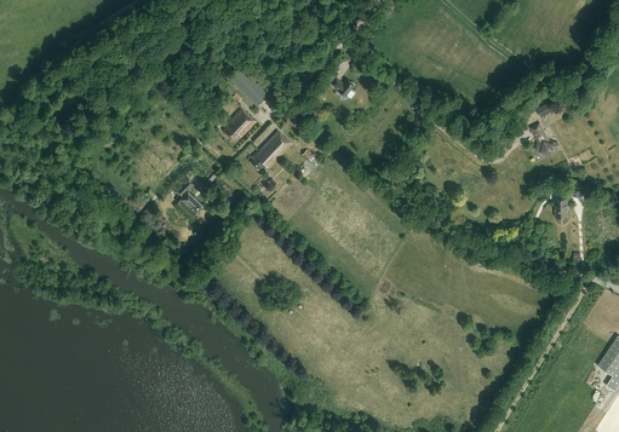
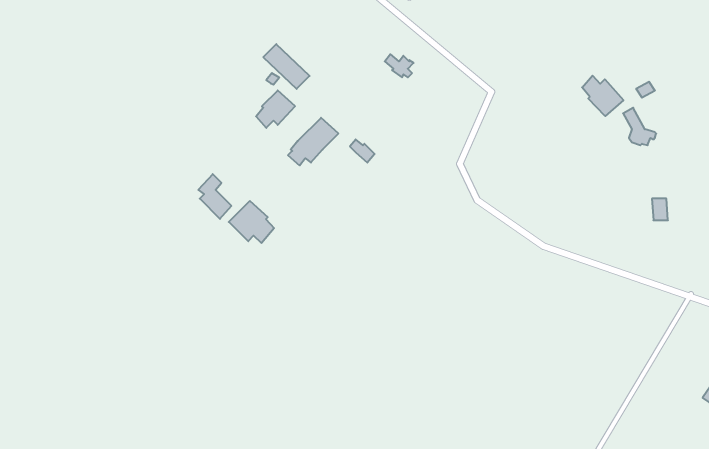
building: none -> [582,76,623,116]
building: none -> [229,201,274,243]

